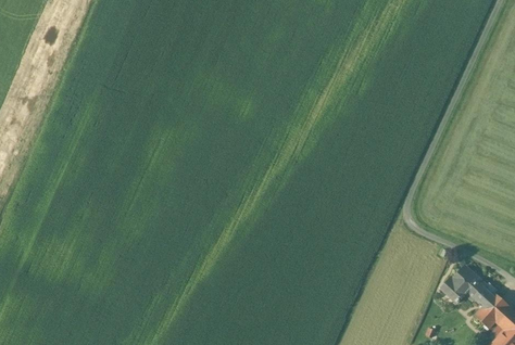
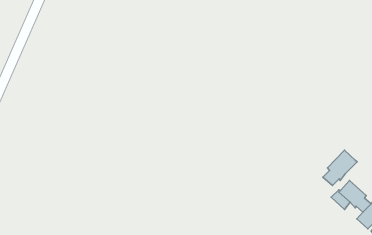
building: none -> [323,150,357,186]

